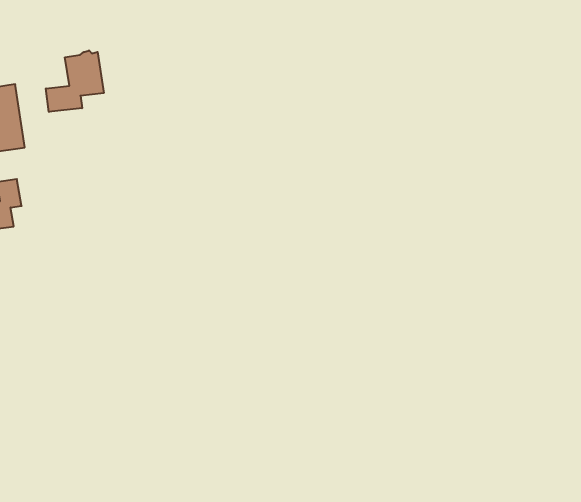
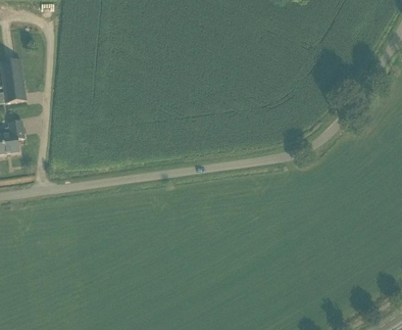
building: [46,50,104,112] -> none

